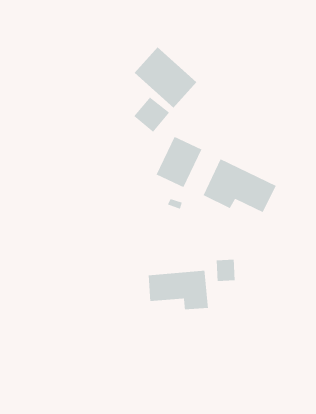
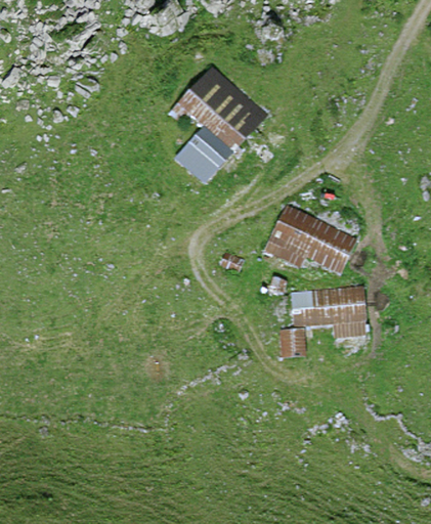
building: [156,136,202,188] -> none
building: [148,270,209,310] -> [292,288,365,337]

